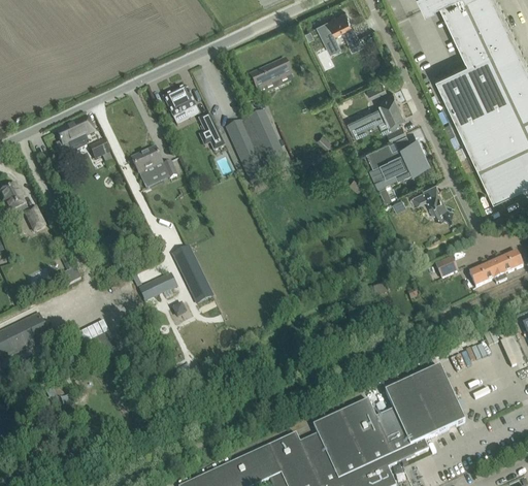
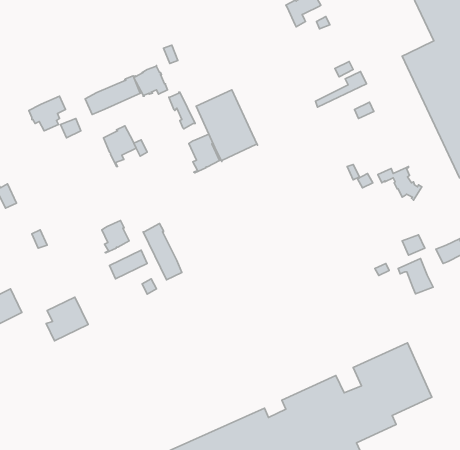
building: [250,59,291,96] -> none
building: none -> [85,76,141,114]
building: [349,104,403,137] -> none
building: [365,138,425,187] -> none
building: none -> [189,134,220,173]
building: none -> [102,221,129,253]
building: none -> [398,258,433,294]

